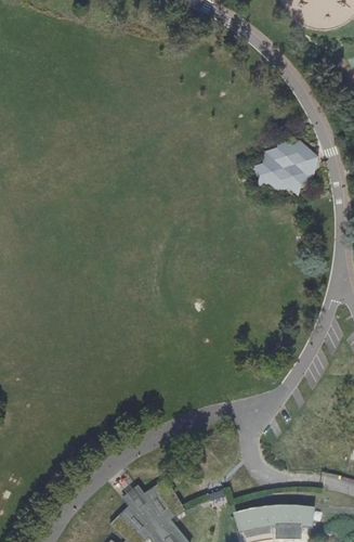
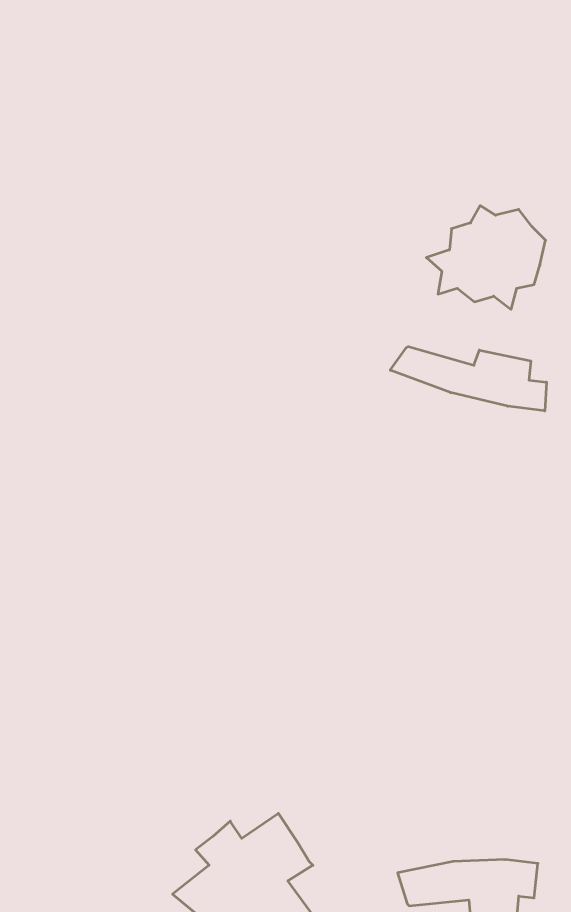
building: none -> [390,347,546,411]

